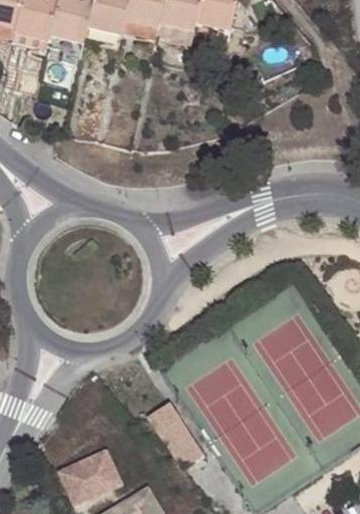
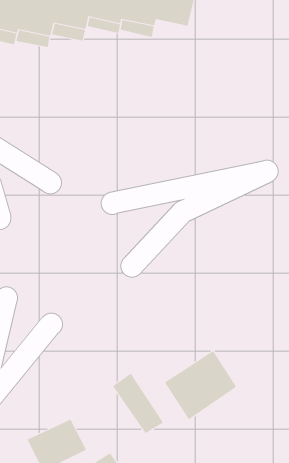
building: none -> [164,350,237,420]

